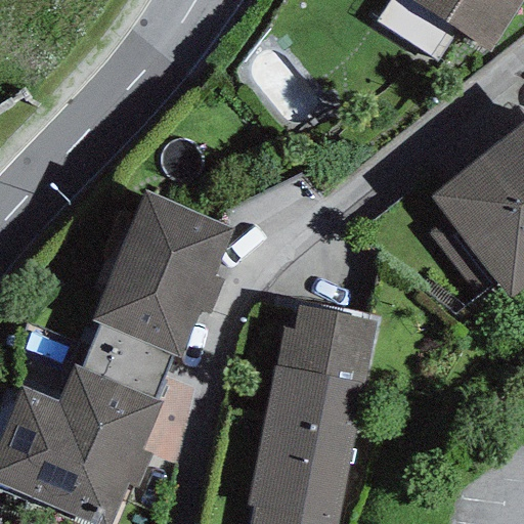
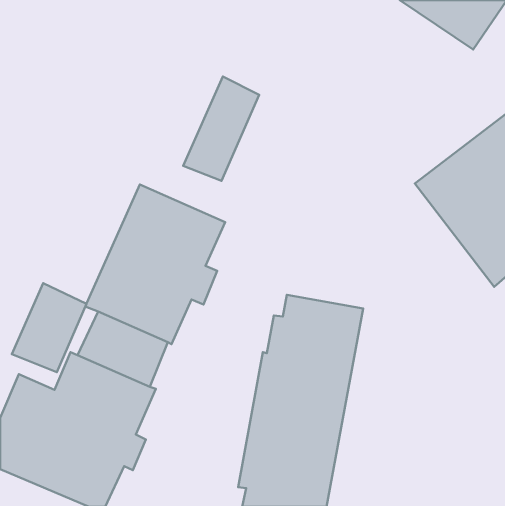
building: none -> [183,77,259,181]
building: none -> [12,283,87,372]

